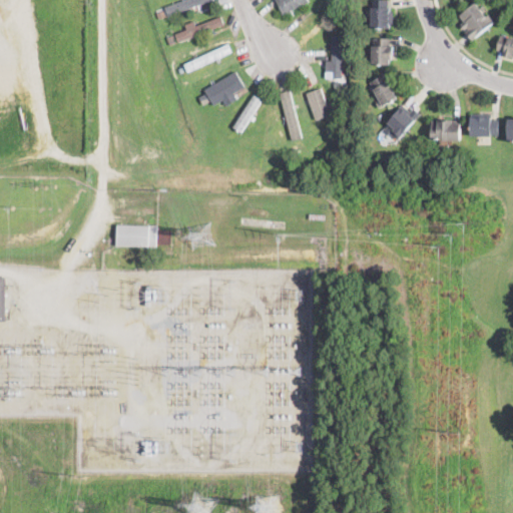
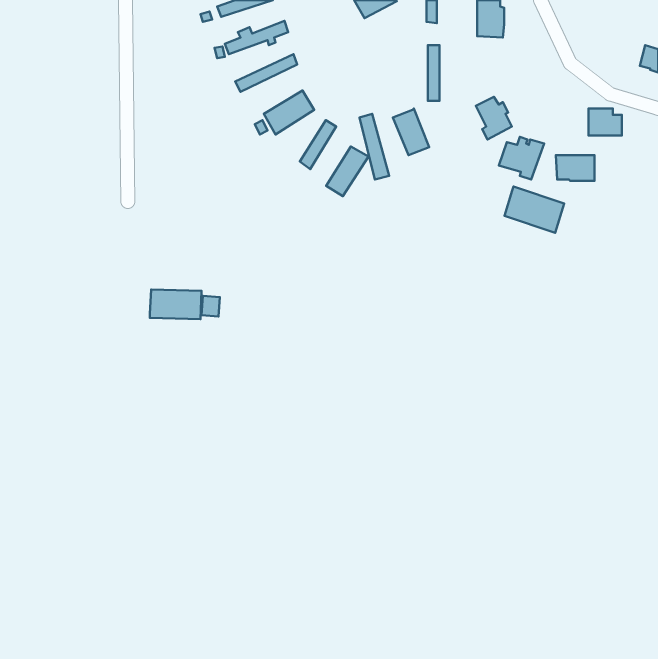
building: [459,5,494,42] -> none
building: [371,39,395,65] -> none
building: none -> [326,146,369,196]
building: [471,115,497,136] -> [588,109,622,136]
building: none -> [504,187,564,233]

